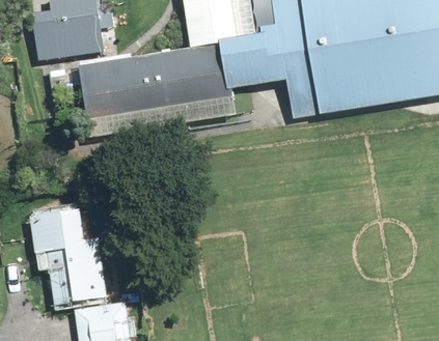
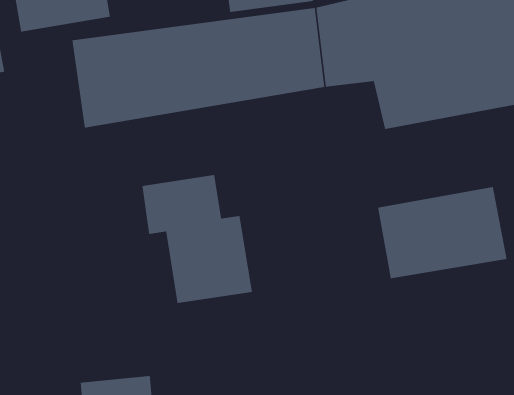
building: none -> [377,186,507,279]
building: [32,210,114,306] -> [141,174,253,304]

